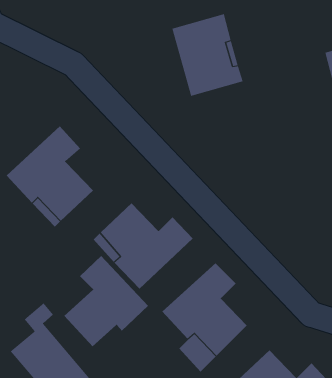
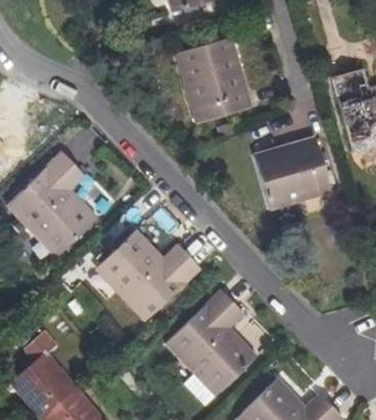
building: none -> [255,137,330,208]
building: [63,255,149,347] -> none

